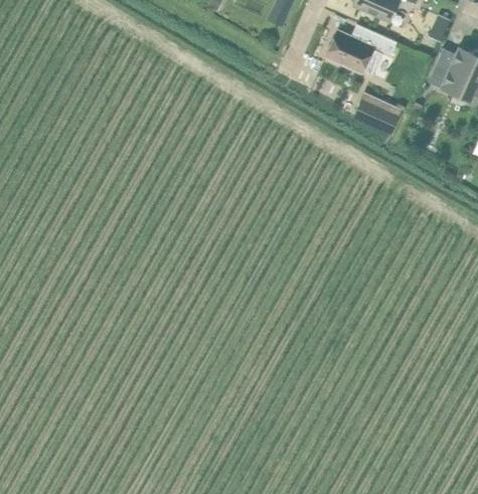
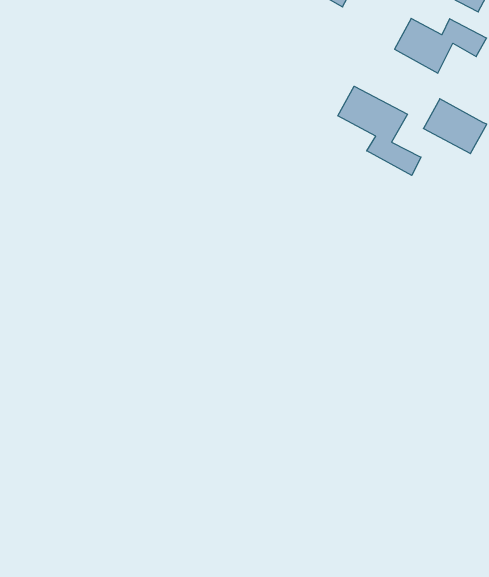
building: none -> [338,86,421,175]

